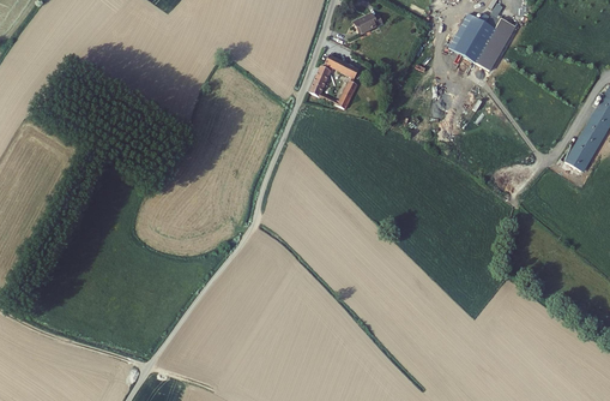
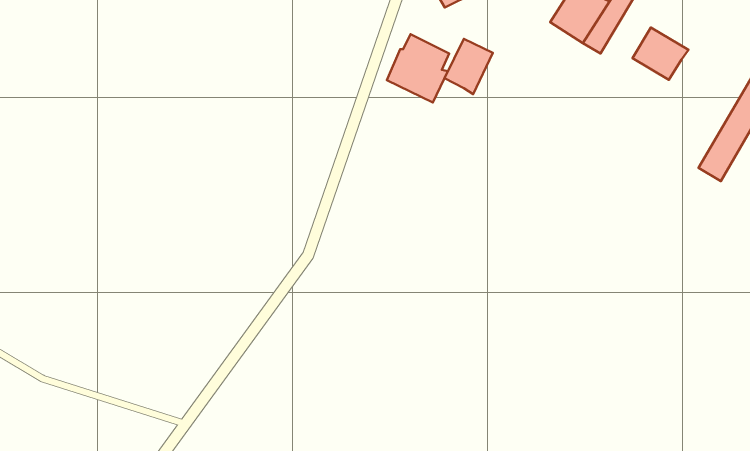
building: none -> [633,28,689,80]
building: none -> [444,39,493,94]

